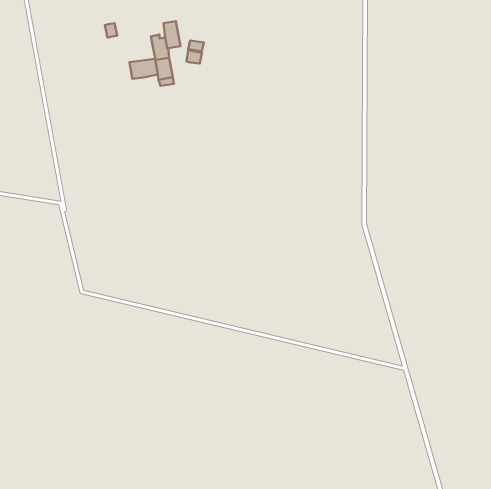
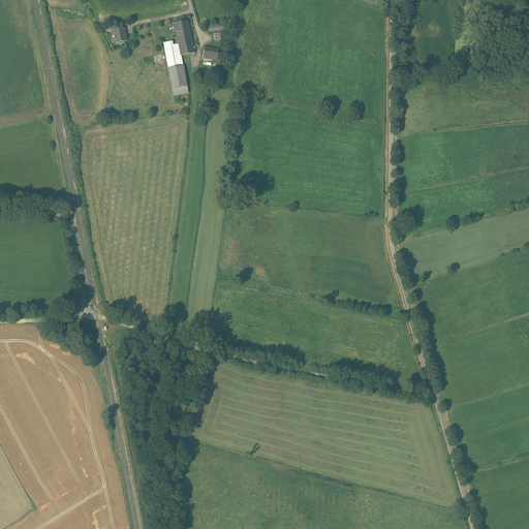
building: [130,59,158,79] -> none

